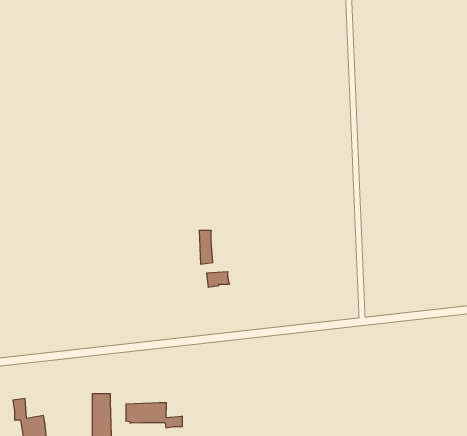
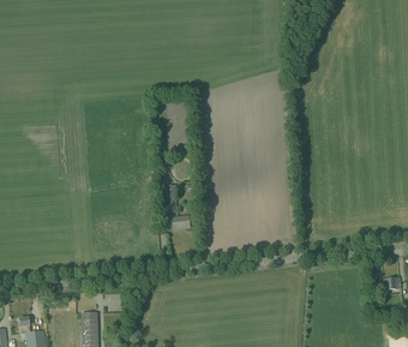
building: [126,402,182,428] -> none

